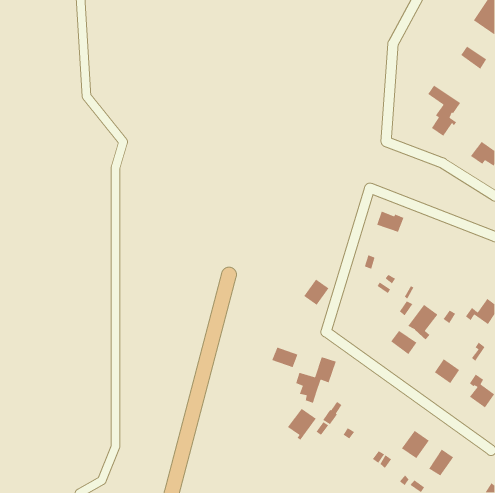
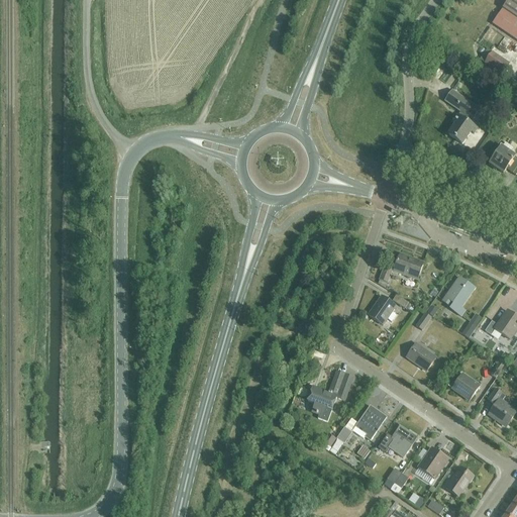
building: [376,211,404,233] -> [393,254,422,278]
building: [303,279,329,306] -> [368,295,395,323]
building: [407,304,438,341] -> [441,277,474,315]
building: [271,347,299,368] -> none
building: [287,408,317,441] -> [354,405,386,439]
building: none -> [388,425,416,456]

